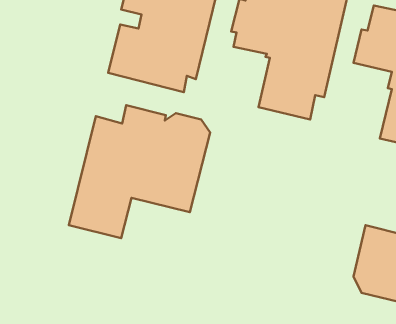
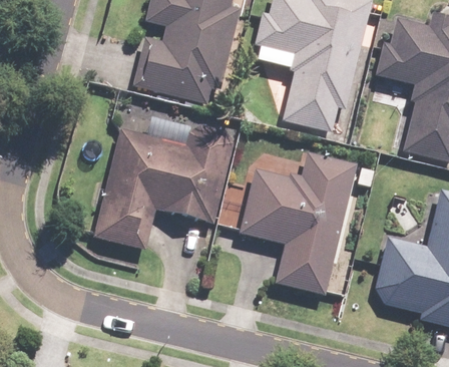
building: none -> [239,152,357,296]

